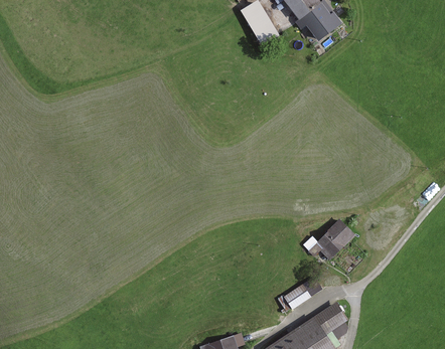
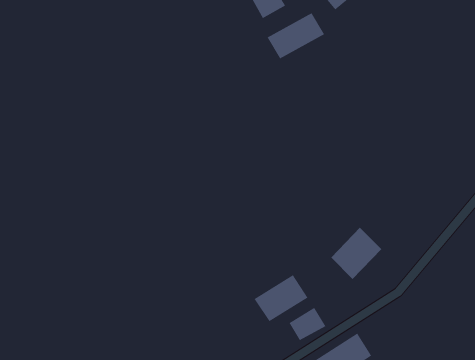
building: none -> [266,12,325,60]
building: none -> [254,274,309,322]

